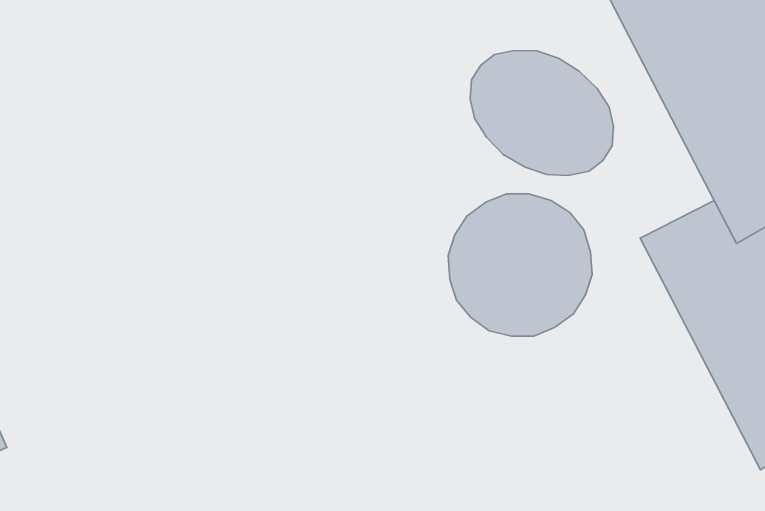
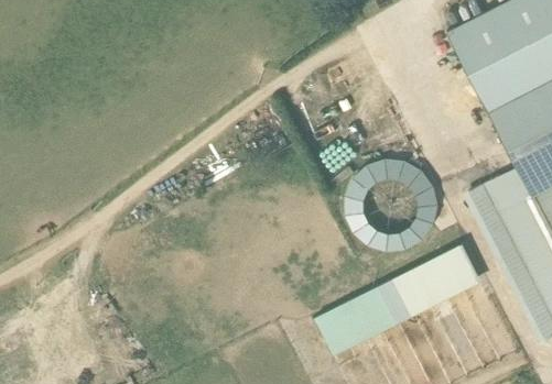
building: [470,50,613,175] -> none
building: none -> [313,248,480,348]

